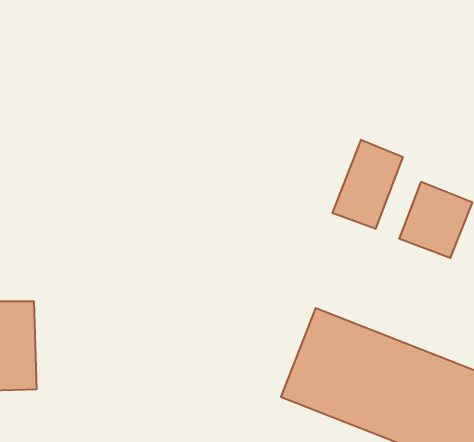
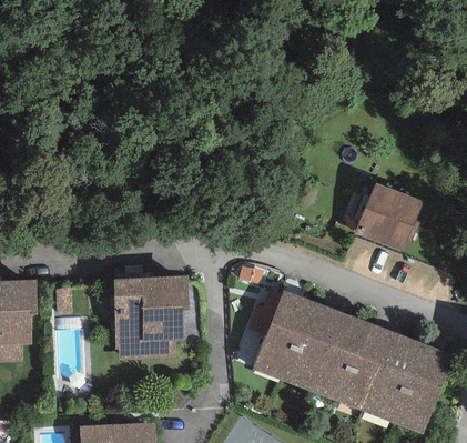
building: [333,140,403,229] -> none
building: none -> [118,275,201,359]

